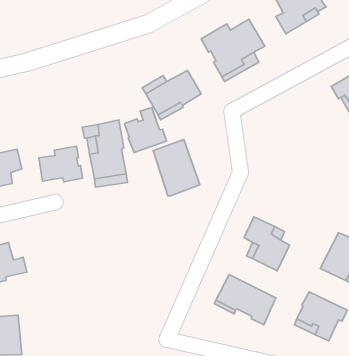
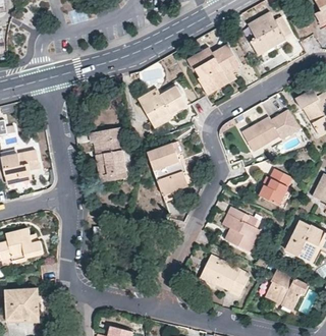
building: none -> [242,109,301,151]
building: [125,107,166,152] -> none
building: [39,146,83,182] -> none
building: none -> [260,168,292,205]

